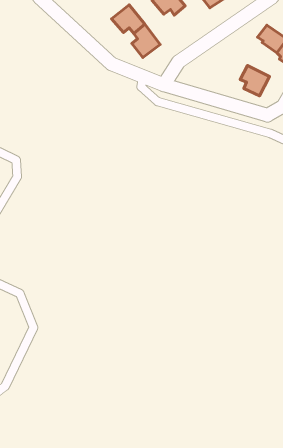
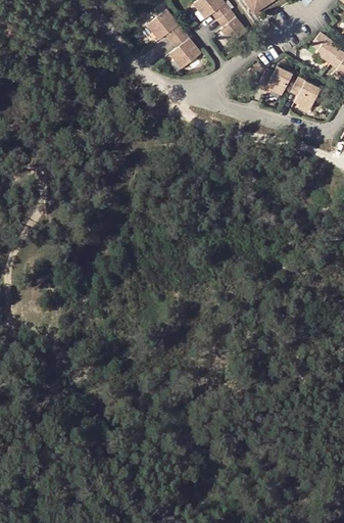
building: none -> [215,10,245,44]
building: none -> [256,66,297,95]

